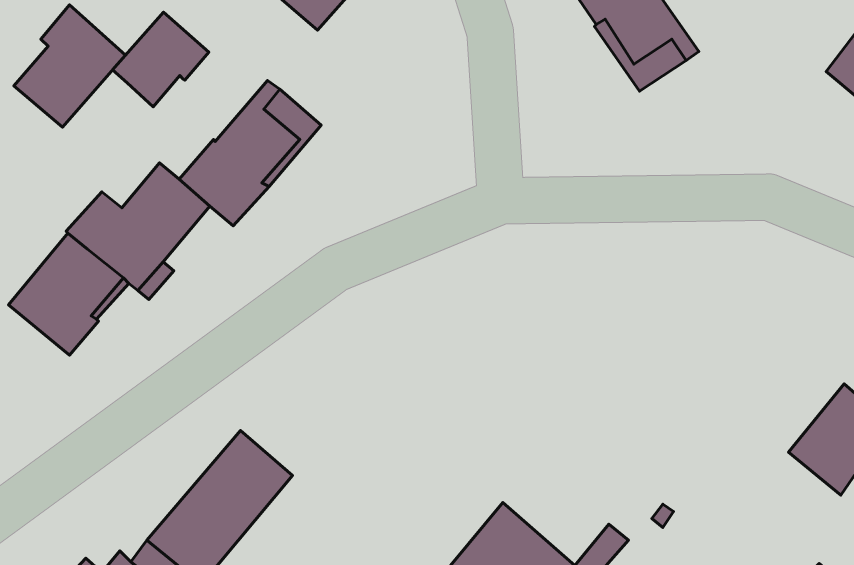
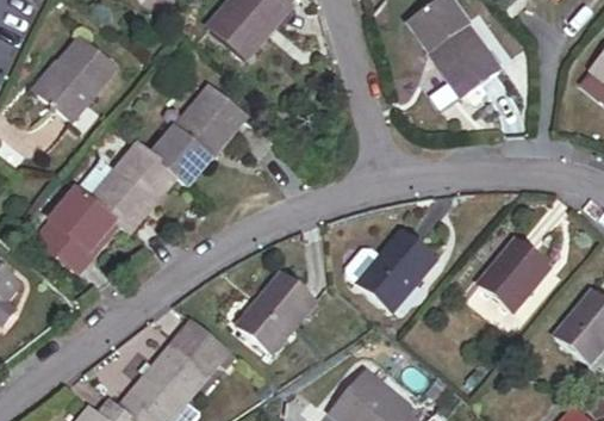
building: [112,12,209,107] -> none
building: none -> [349,229,436,311]
building: none -> [479,239,549,311]
building: none -> [238,274,315,352]

